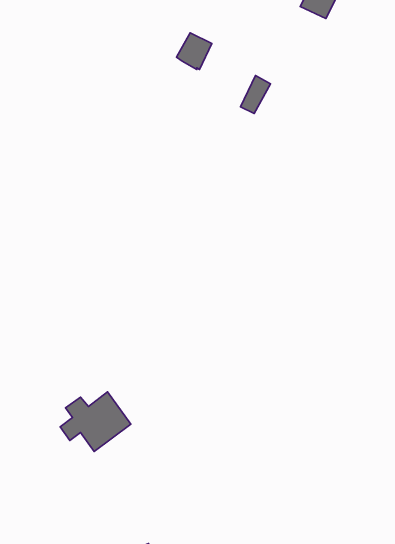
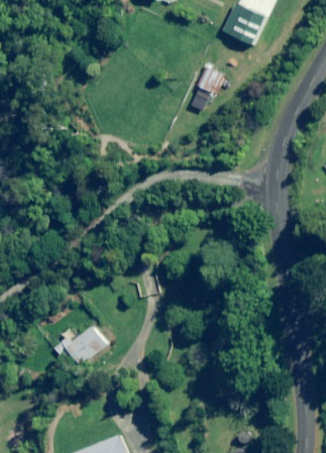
building: [177,33,212,69] -> [195,66,221,93]

